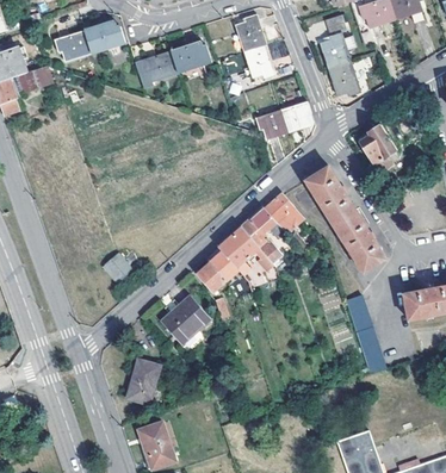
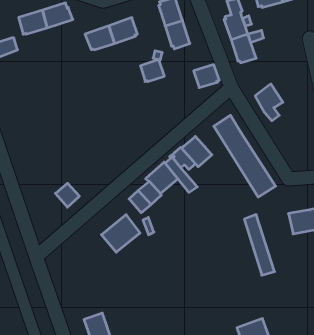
building: [256,108,287,137] -> [140,60,164,82]
building: [126,360,159,404] -> none

